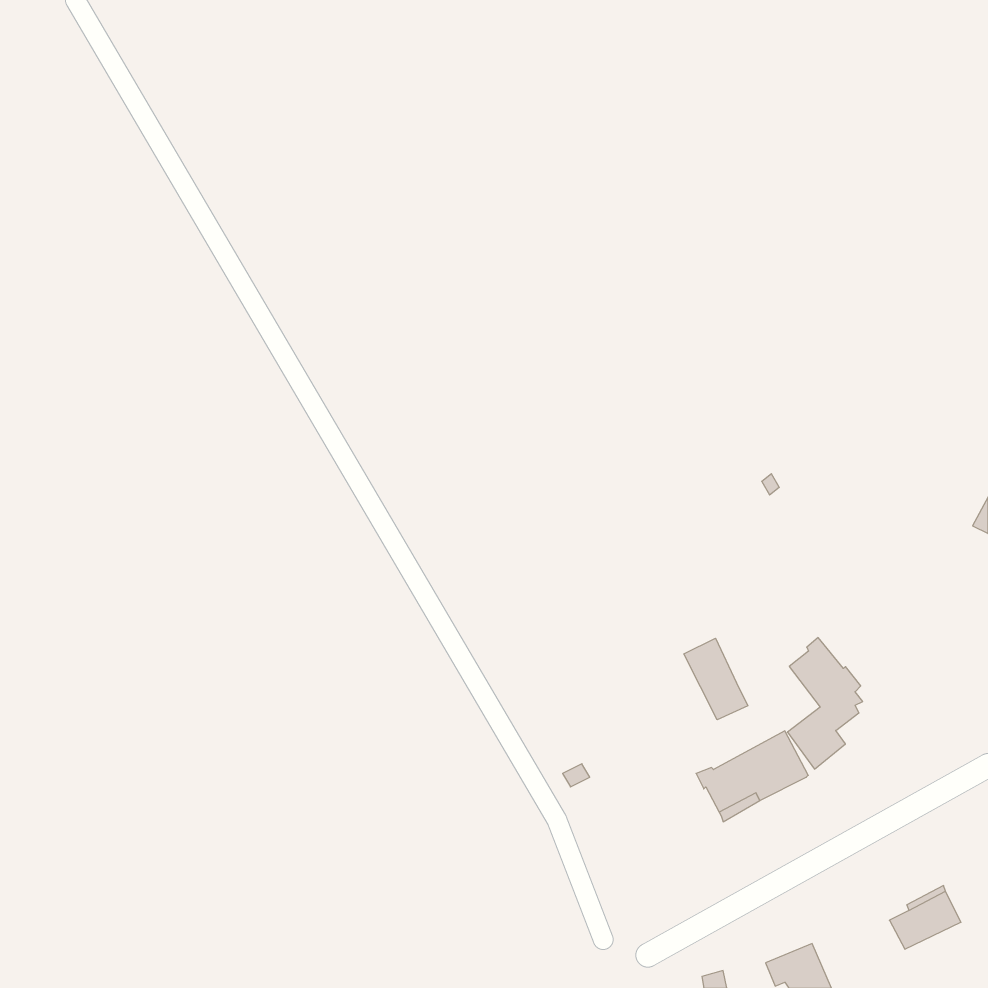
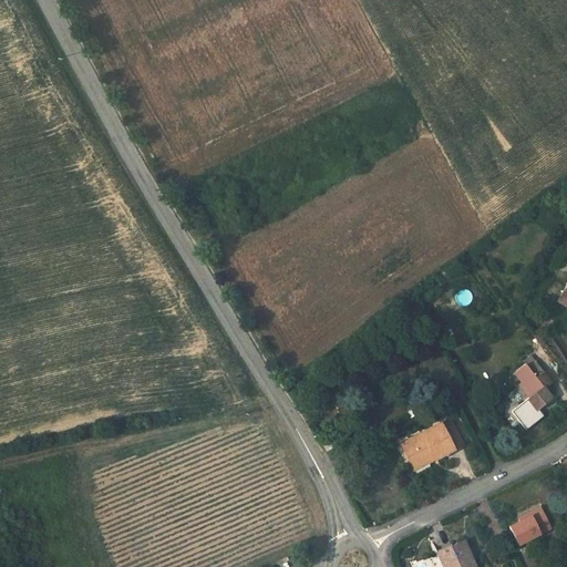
building: [787,638,863,769] -> [511,354,554,430]
building: [684,638,748,720] -> none

